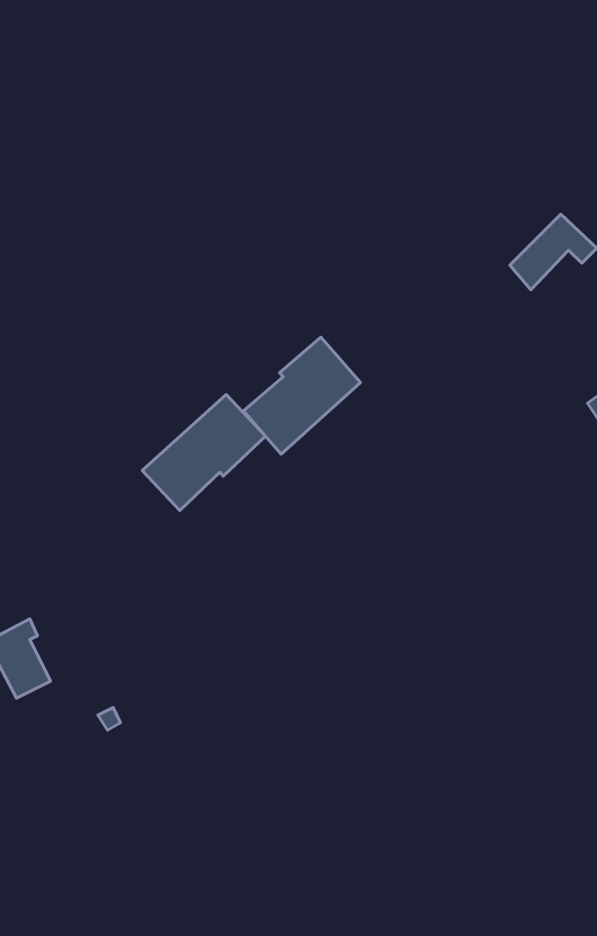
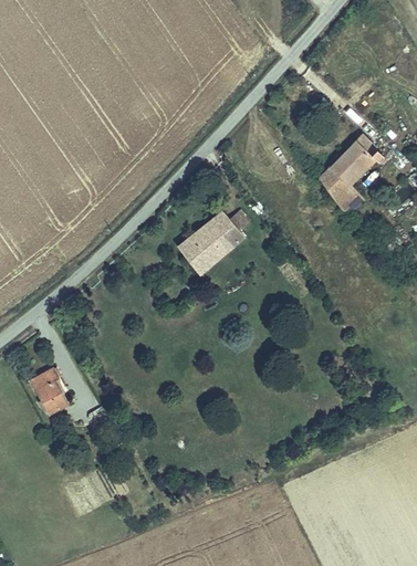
building: none -> [321,164,359,206]
building: [142,394,266,510] -> none

